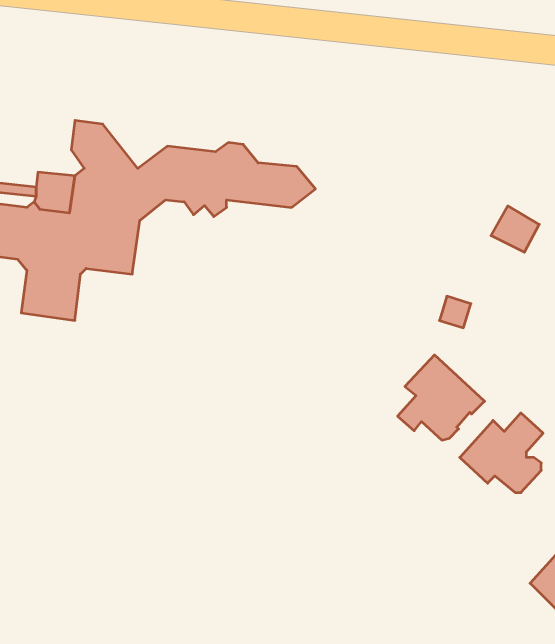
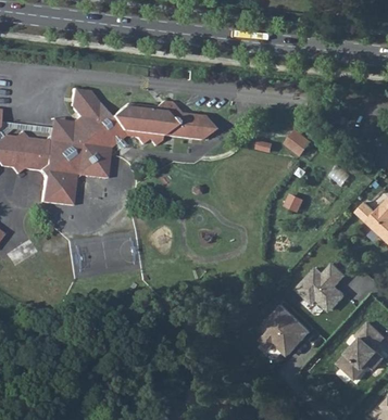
building: [491,206,539,252] -> [284,128,312,155]
building: [398,355,485,440] -> [261,302,312,352]

